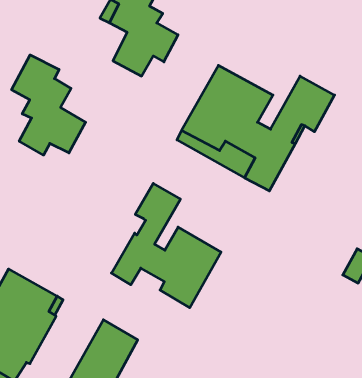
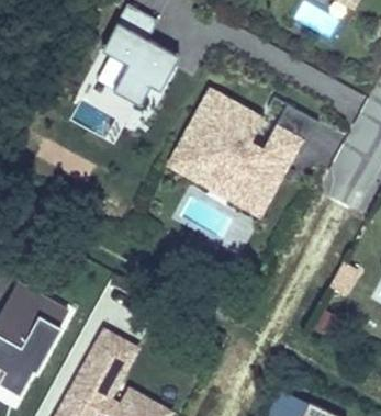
building: [12,55,86,155] -> none
building: [111,183,221,308] -> none

